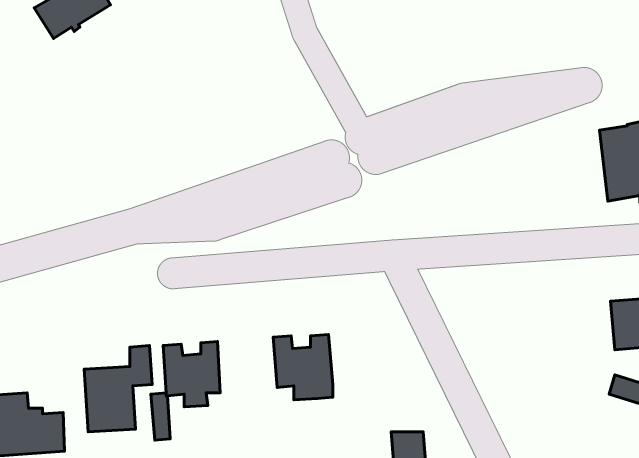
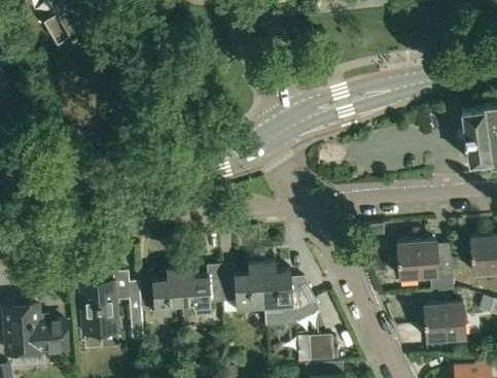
building: none -> [396,240,453,291]
building: none -> [261,262,319,322]
building: none -> [179,265,223,314]
building: none -> [424,302,465,341]

